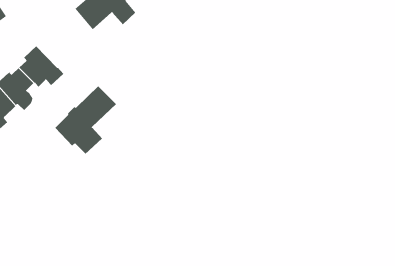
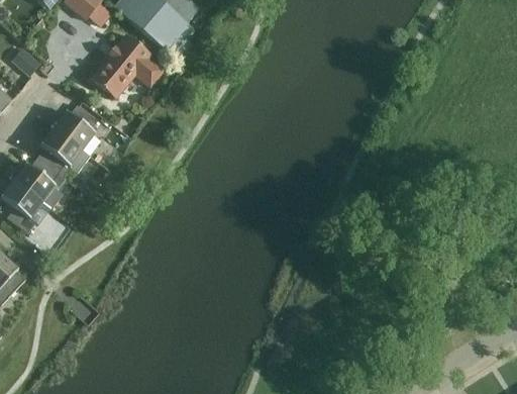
building: none -> [53,105,97,150]
building: [55,85,117,154] -> none

